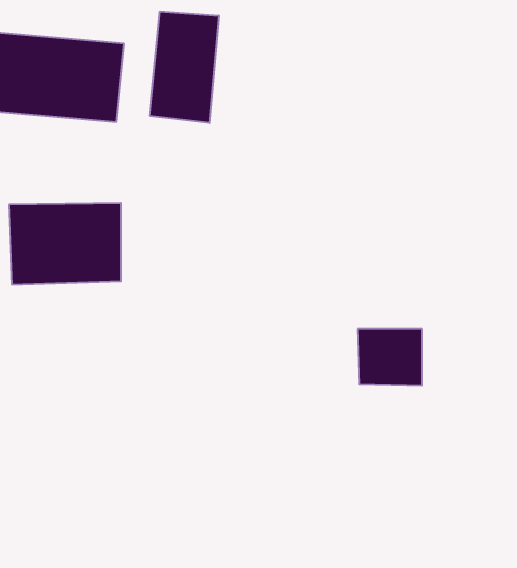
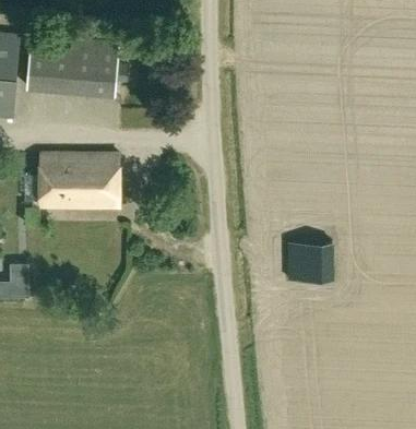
building: [150,12,219,123] -> none

